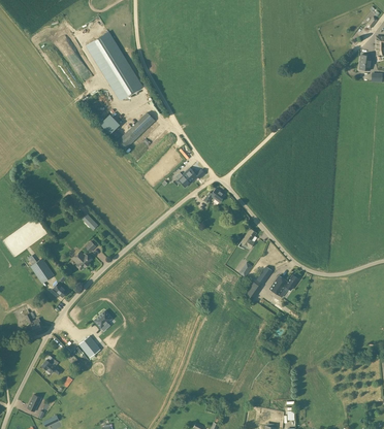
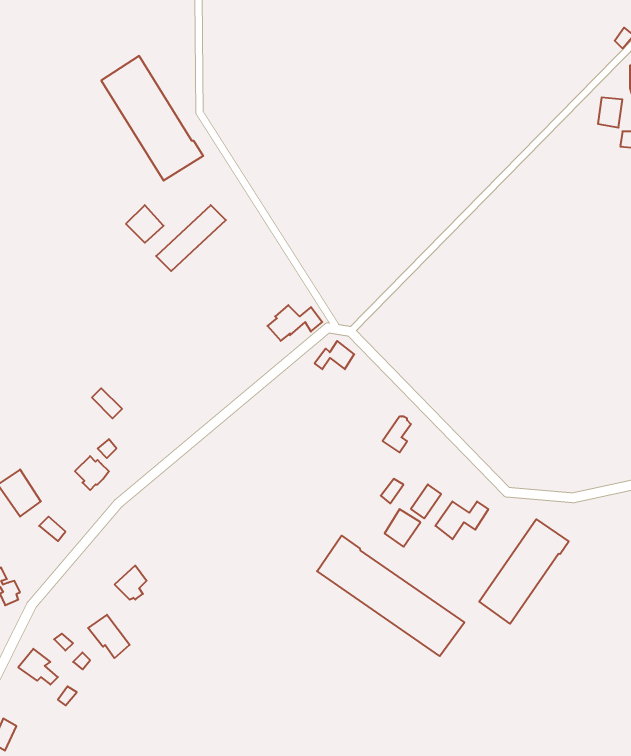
building: none -> [479,519,569,624]
building: none -> [317,536,464,656]

